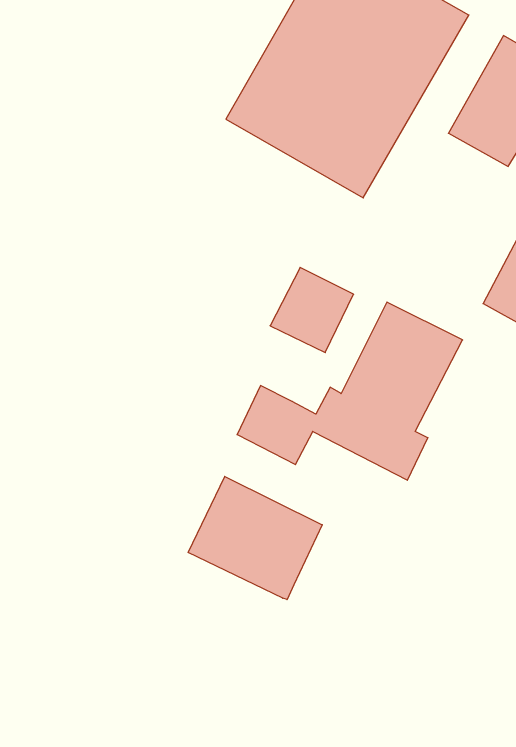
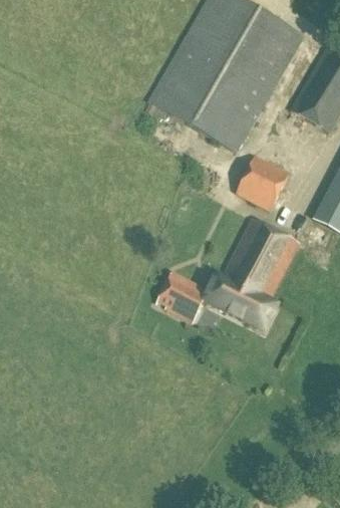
building: [270,267,354,353] -> [236,156,289,210]
building: [188,476,322,600] -> none

